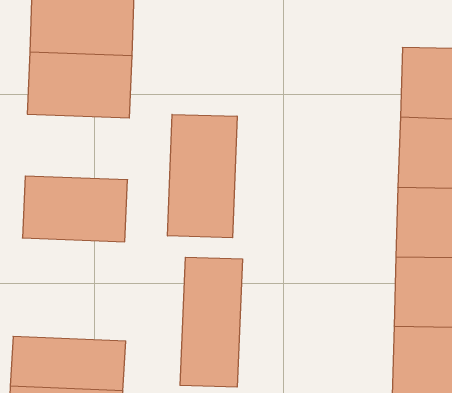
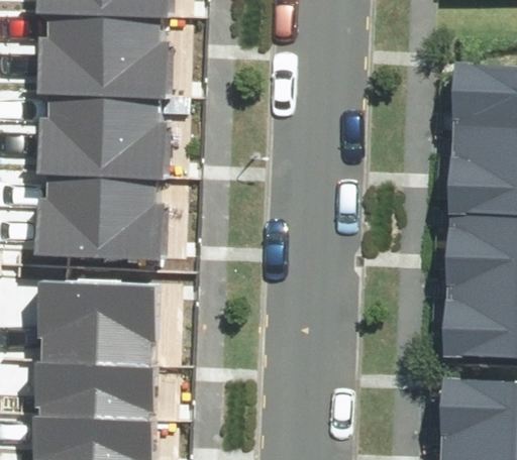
building: none -> [49,123,162,194]
building: [168,114,237,238] -> none
building: none -> [36,275,161,367]
building: [180,257,242,387] -> none

